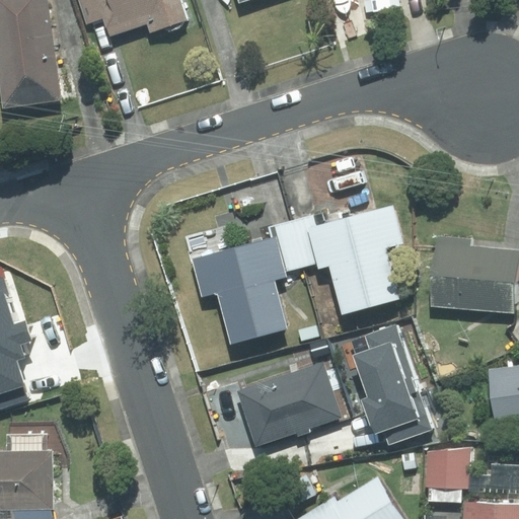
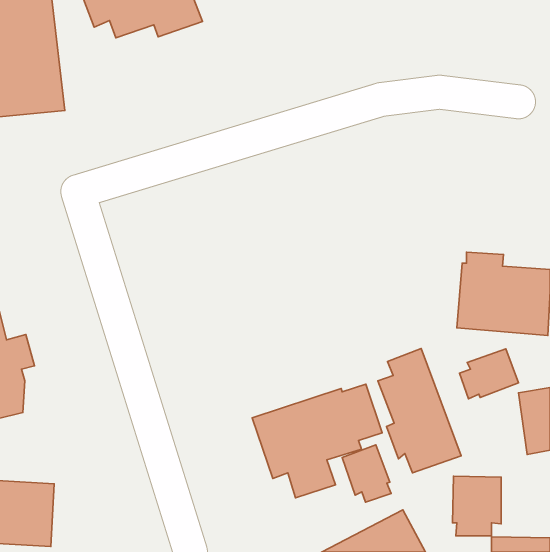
building: [183,207,401,346] -> none
building: none -> [460,349,519,399]
building: none -> [342,445,391,502]

